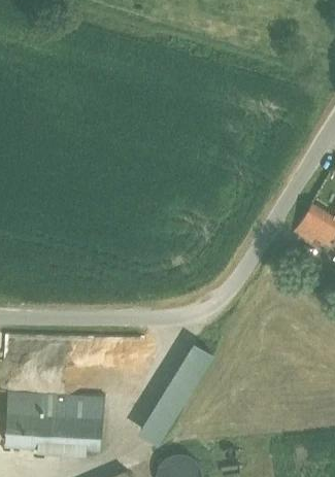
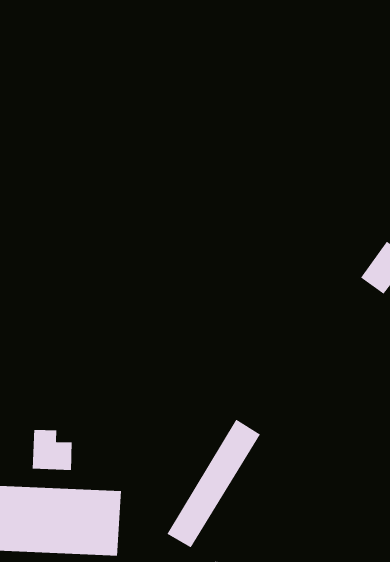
building: none -> [32,429,72,471]

